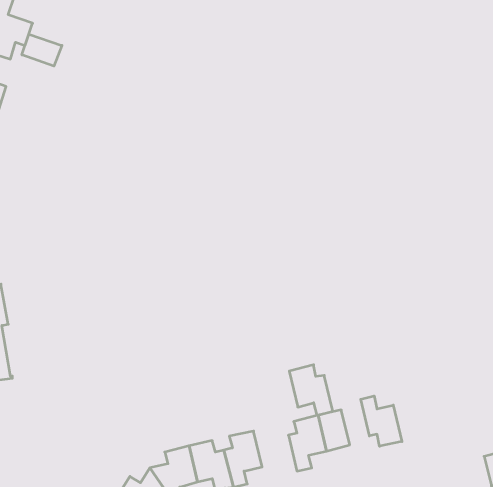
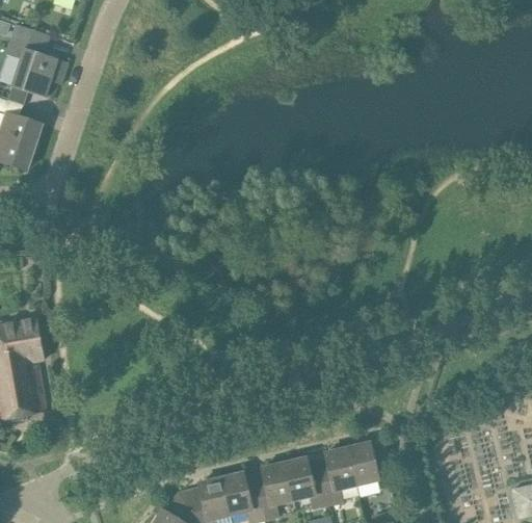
building: [22,34,62,66] -> none
building: [289,365,333,415] -> [284,456,326,506]
building: [361,396,402,446] -> none

